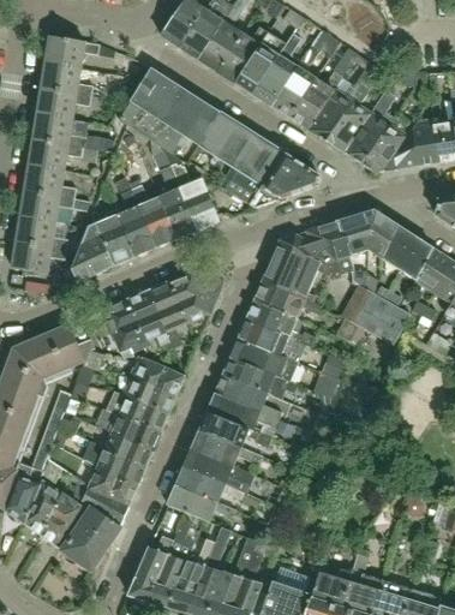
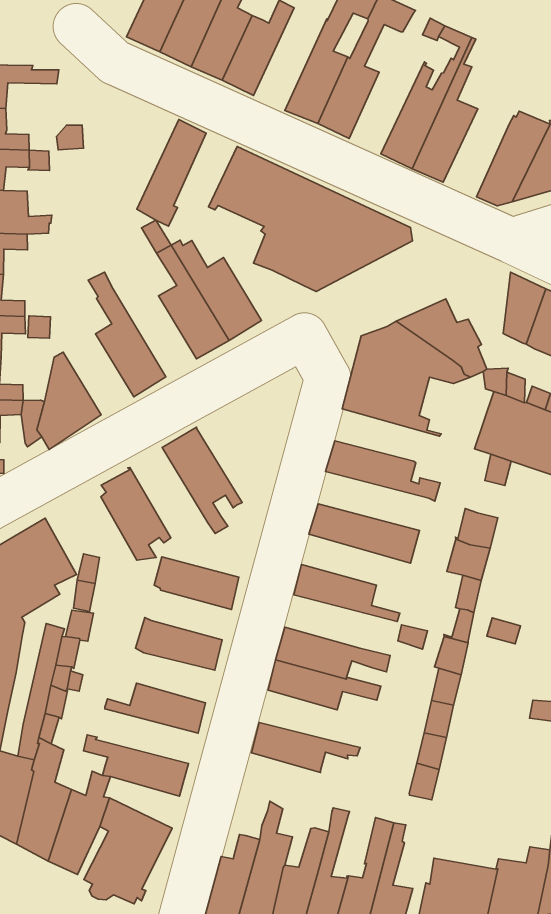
building: [233,30,285,92] -> none
building: [118,67,185,141] -> none
building: [288,70,341,127] -> none
building: [342,89,395,162] -> none
building: [174,100,218,147] -> none
building: [130,184,175,246] -> none
building: [334,209,376,253] -> none
building: [94,210,133,264] -> none
building: [169,263,222,322] -> none
building: [253,281,319,320] -> none
building: [125,289,168,346] -> none
building: [238,318,306,363] -> none
building: [222,356,297,398] -> none
building: [121,374,175,413] -> none
building: [206,392,276,430] -> none
building: [95,407,160,450] -> none
building: [80,446,144,486] -> none
building: [182,448,253,484] -> none
building: [167,485,233,523] -> none
building: [80,488,127,525] -> none

